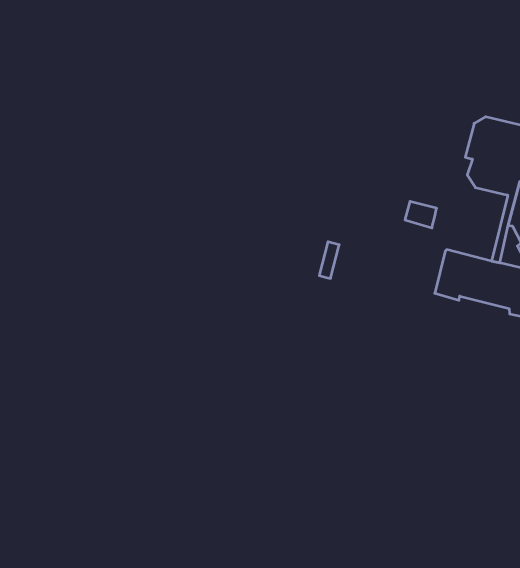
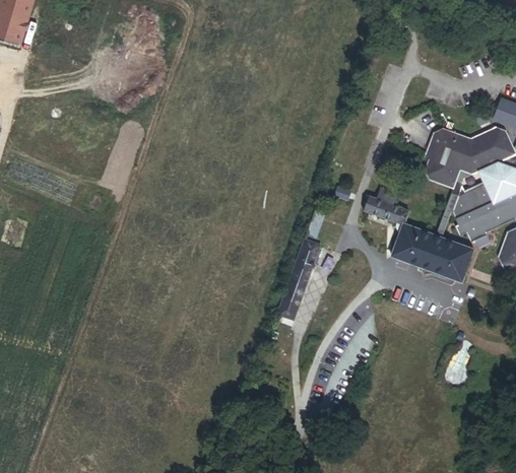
building: none -> [363,195,408,224]
building: none -> [277,239,321,321]

